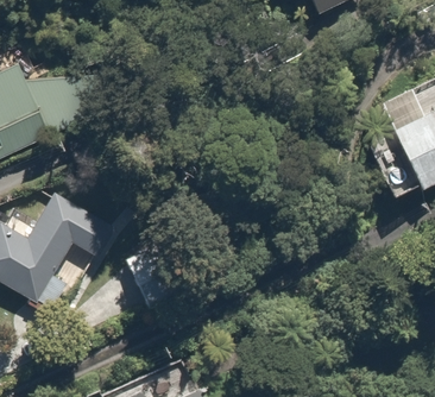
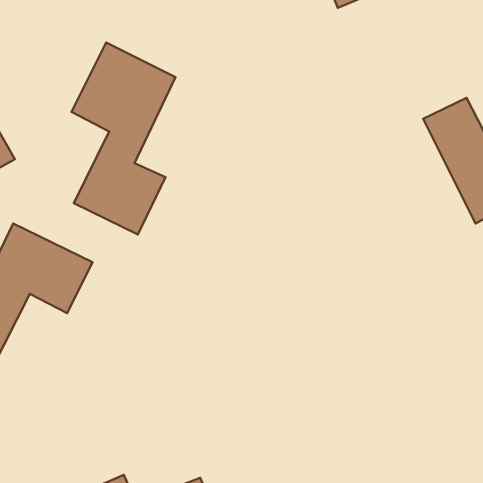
building: none -> [71,42,176,234]

